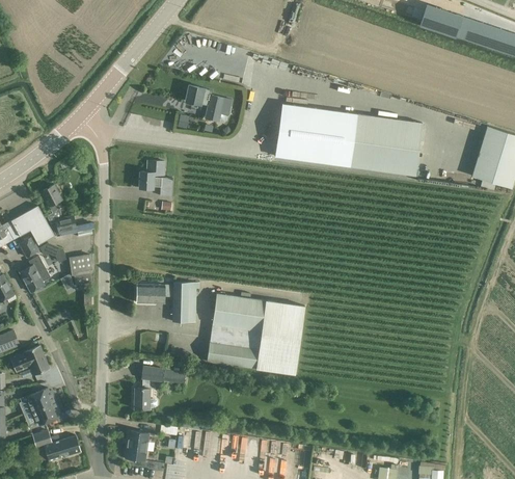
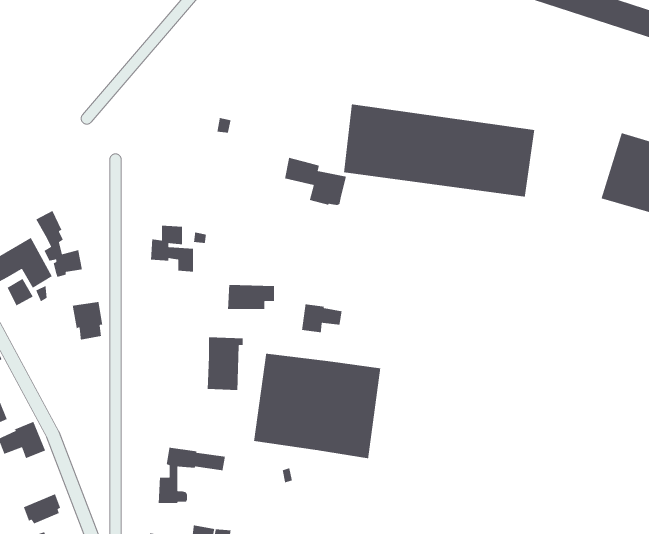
building: [185,85,233,123] -> [284,157,347,206]
building: [139,161,172,197] -> [150,225,194,273]
building: [20,256,51,292] -> none
building: none -> [301,304,342,333]
building: [136,284,172,303] -> [227,284,275,310]
building: [26,389,56,411] -> none

